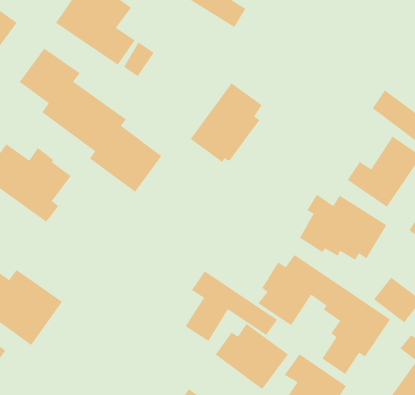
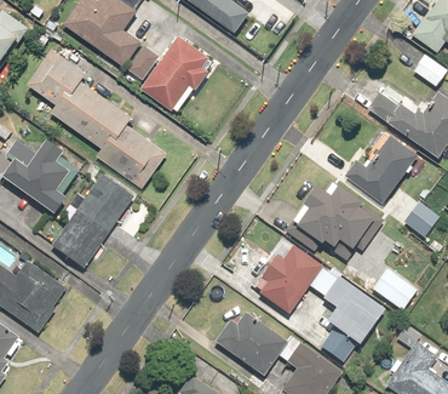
building: [190,82,263,163] -> [139,33,209,110]
building: none -> [51,173,137,272]
building: [185,270,278,342] -> none

